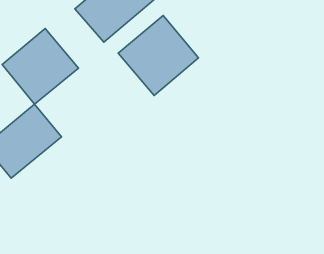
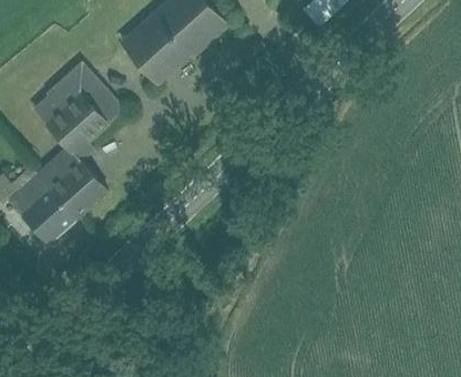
building: [118,16,198,96] -> none

